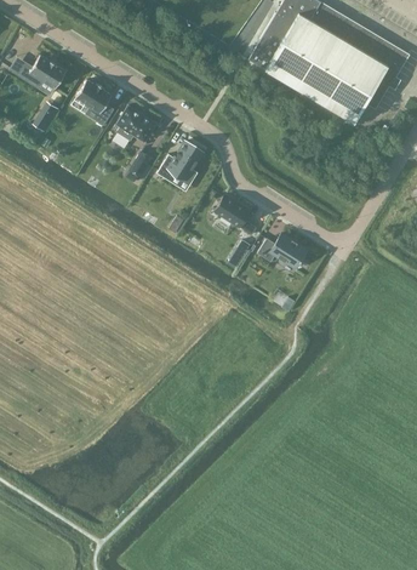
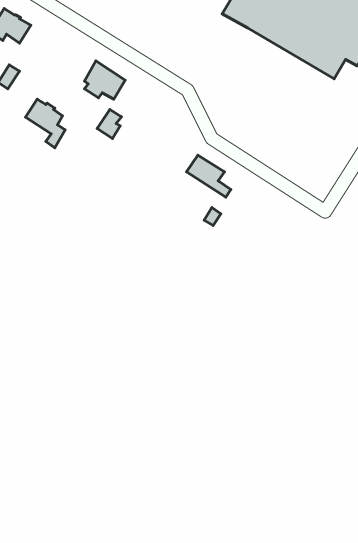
building: [76,79,114,125] -> [26,99,65,148]
building: [158,141,204,182] -> none
building: [258,233,308,264] -> none

